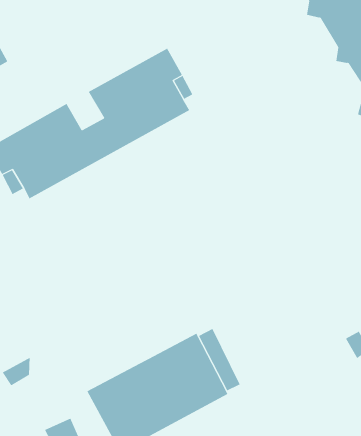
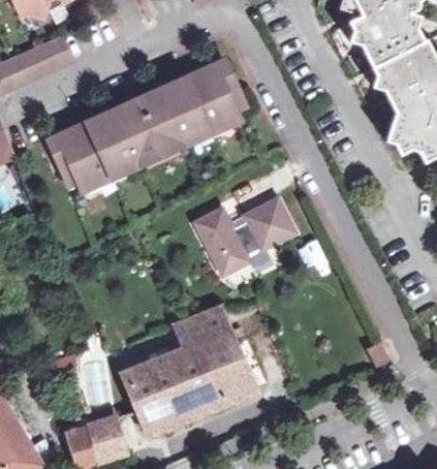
building: none -> [194,196,294,274]
building: none -> [171,305,229,349]

